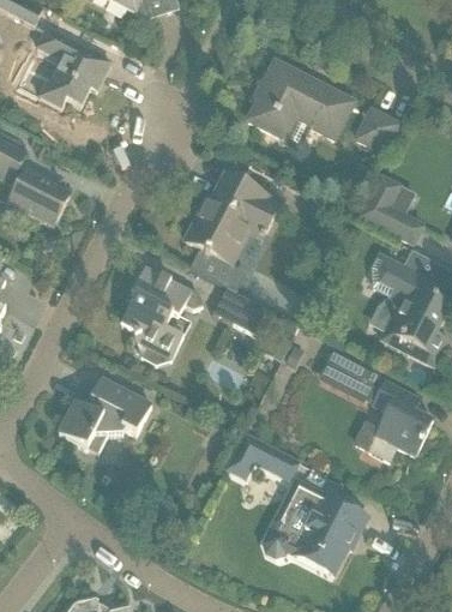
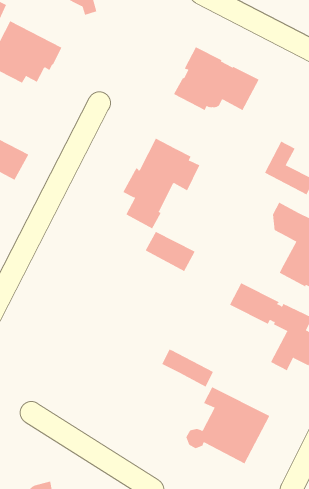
building: [355,107,398,151] -> none
building: [121,264,201,361] -> none
building: [58,376,151,446] -> none

